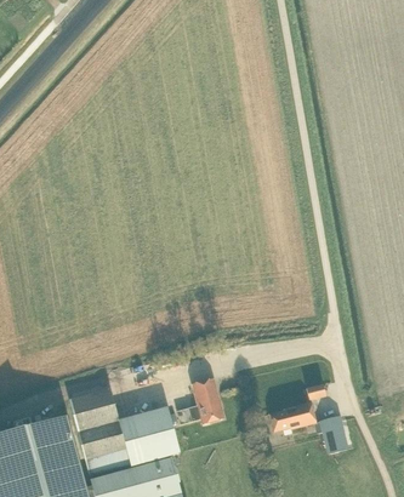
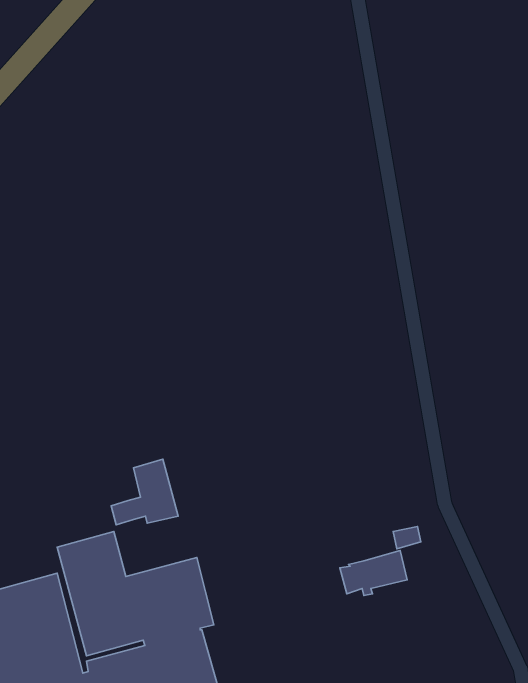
building: [175,376,222,422] -> [111,459,178,525]
building: [317,413,345,451] -> none

